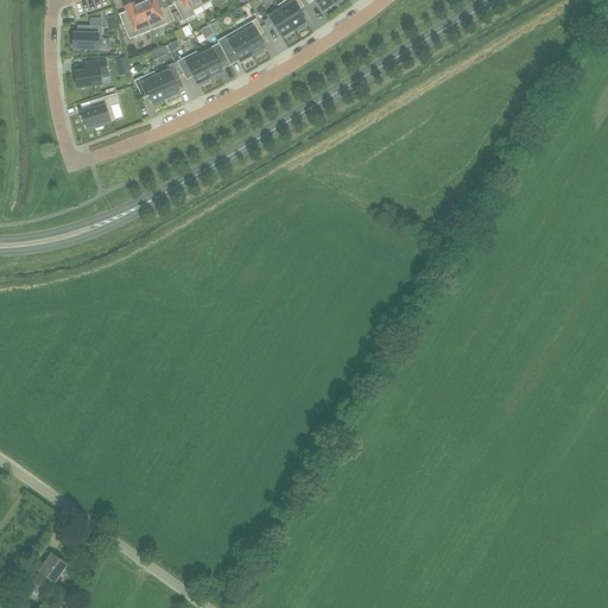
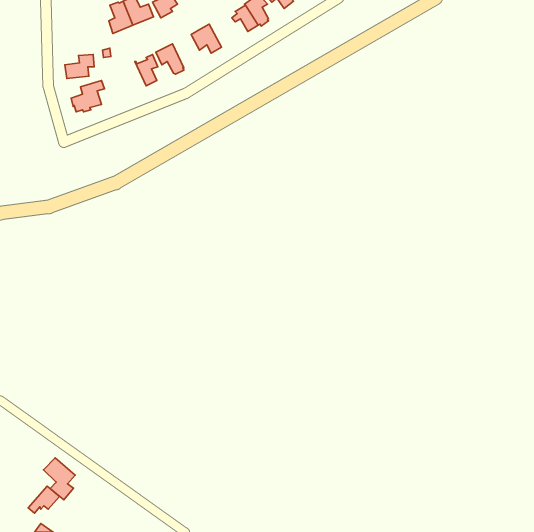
building: [238,18,265,55] -> none
building: [74,24,102,49] -> none
building: [196,42,227,77] -> none
building: [134,70,166,104] -> none
building: none -> [43,458,75,500]

